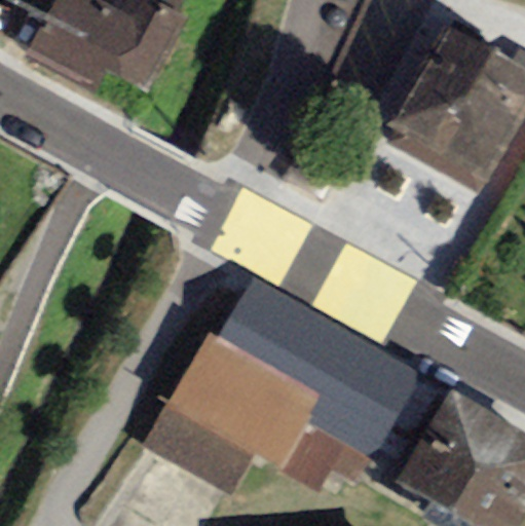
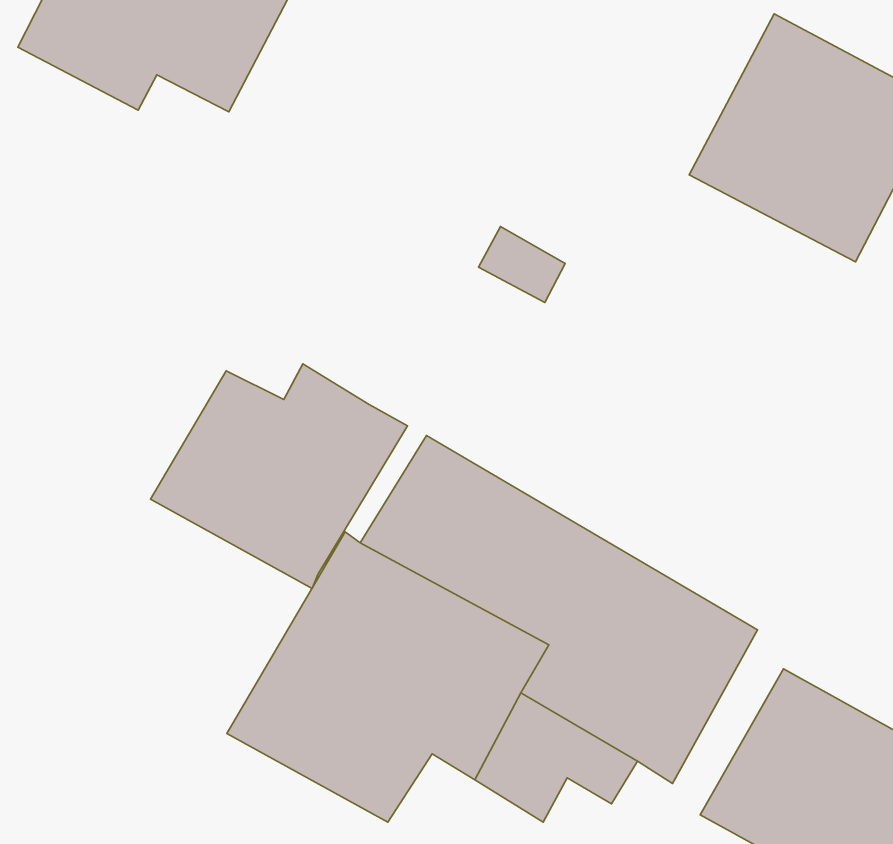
building: none -> [151,364,407,588]

